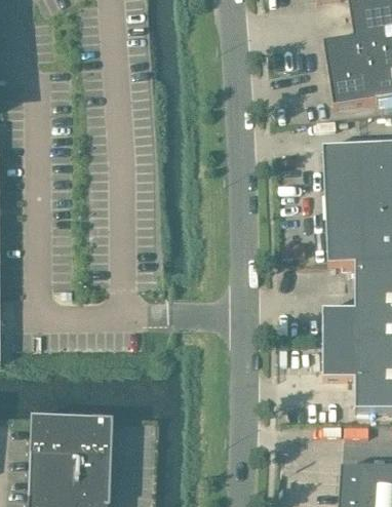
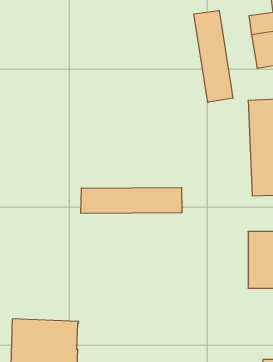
building: none -> [194,10,233,102]
building: none -> [81,187,182,213]

